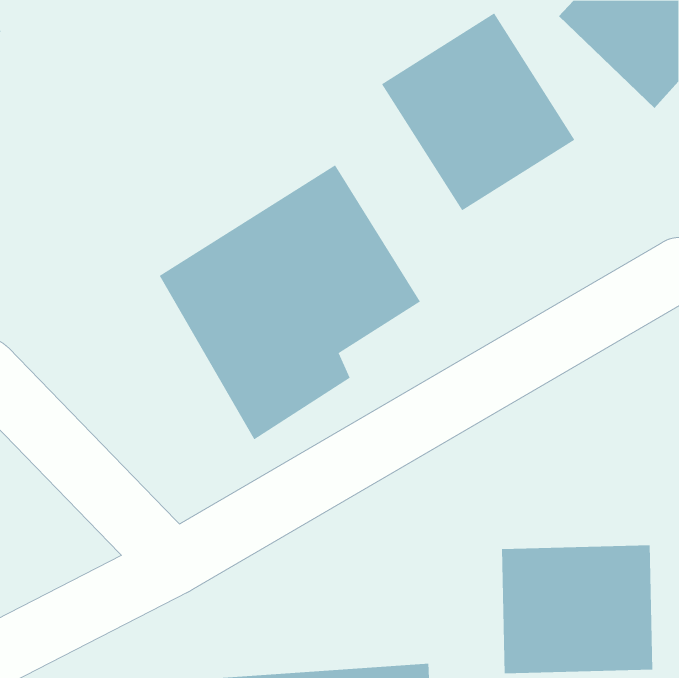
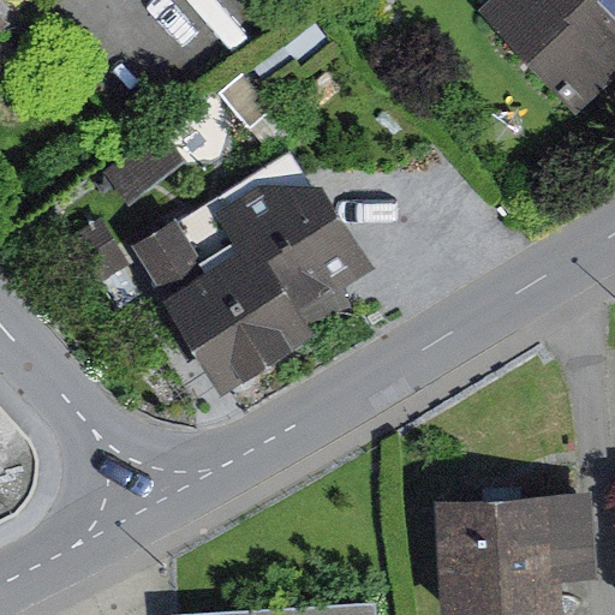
building: [381,12,575,211] -> none

